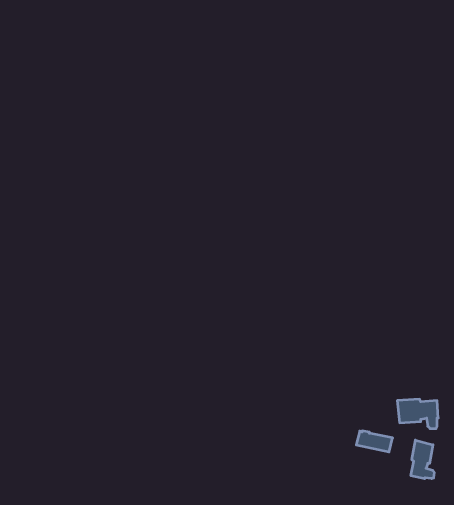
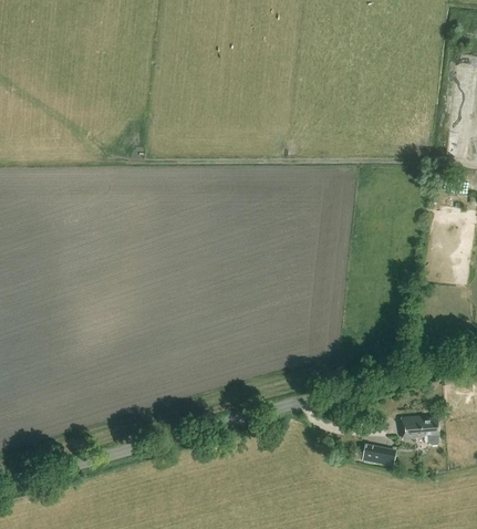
building: [411,440,434,479] -> none

